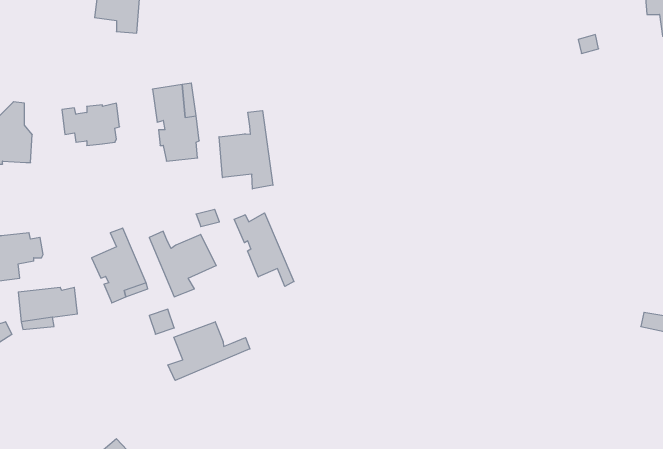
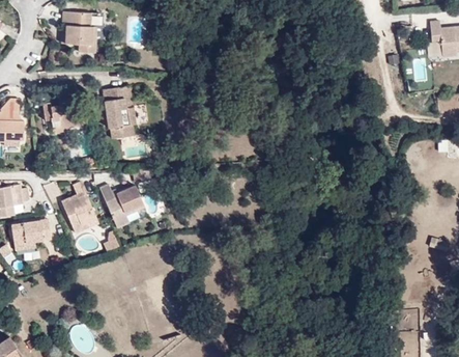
building: [219,111,273,189] -> none
building: [234,213,294,286] -> none
building: [168,322,250,380] -> none

